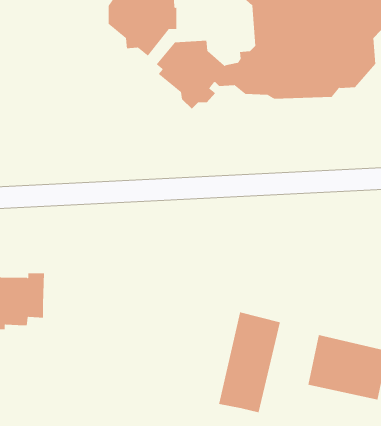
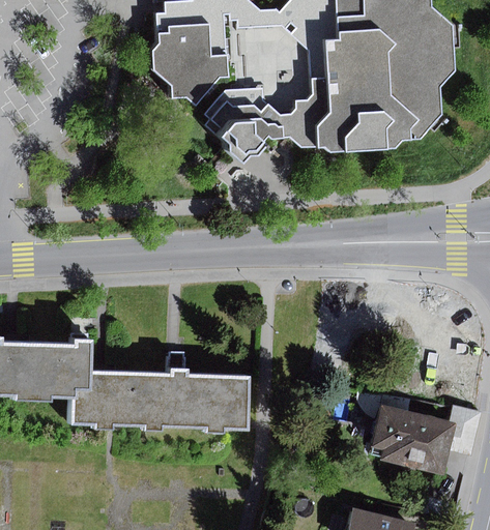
building: none -> [64,367,242,432]
building: [219,311,280,413] -> none

